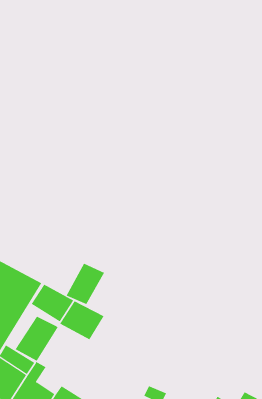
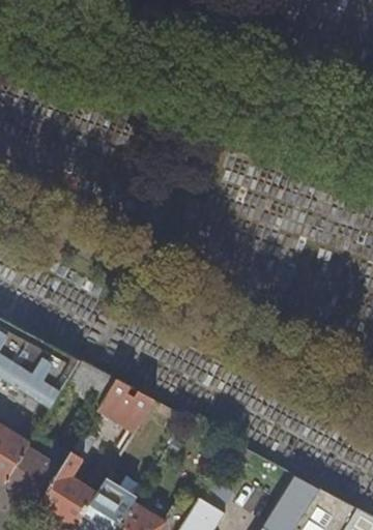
building: [66,263,105,305] -> none
building: [15,316,58,361] -> none

